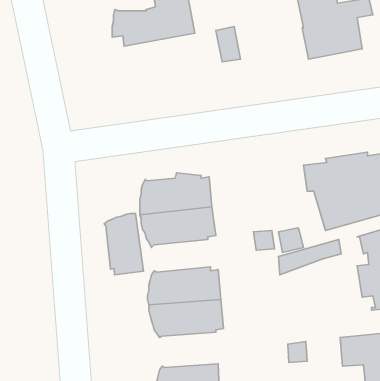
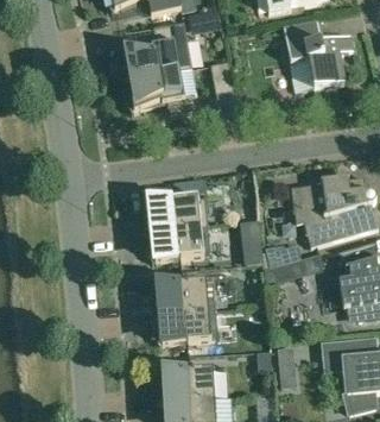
building: none -> [120,65,192,113]
building: [104,213,143,275] -> none

